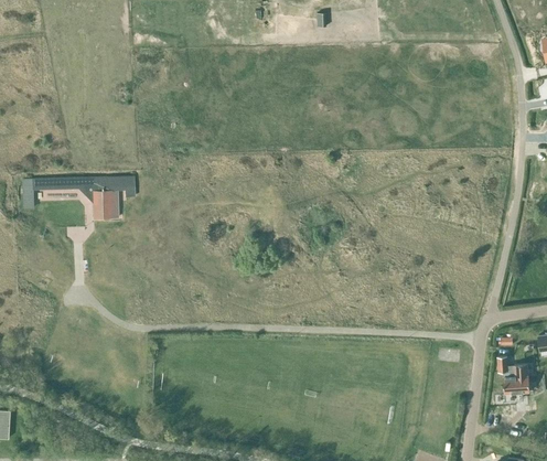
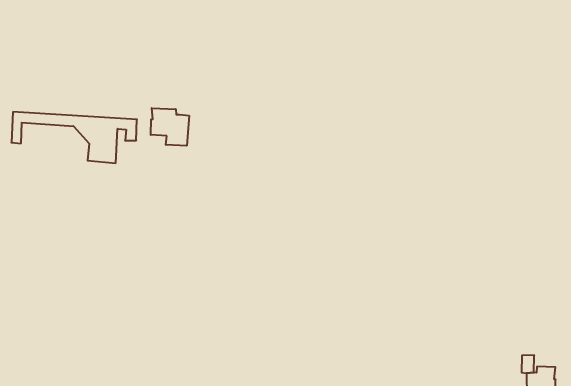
building: none -> [151,108,189,146]

